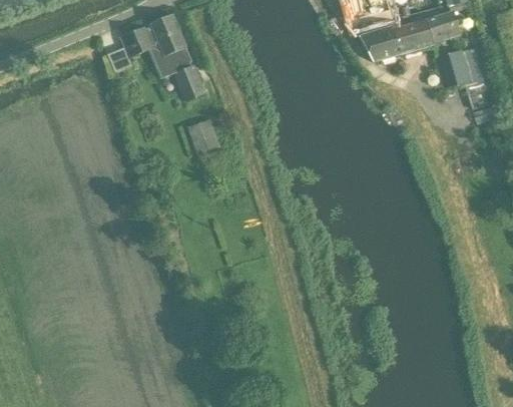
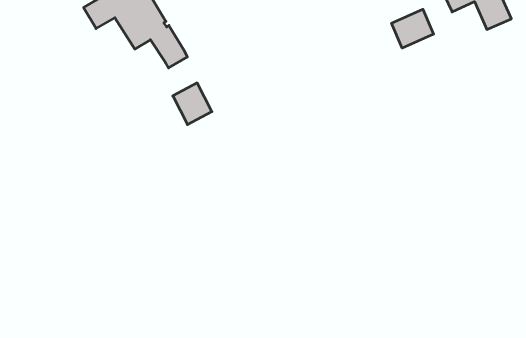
building: none -> [392,9,434,48]

